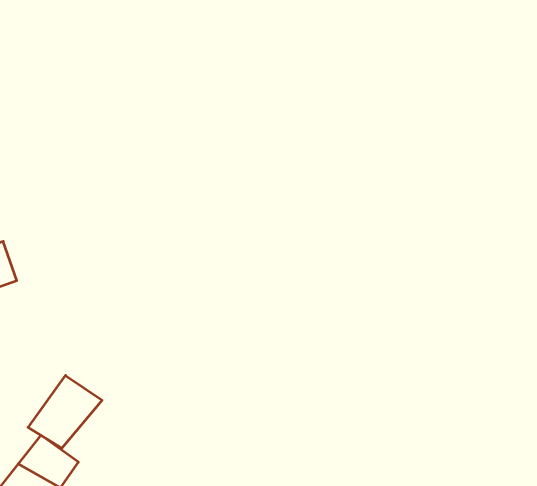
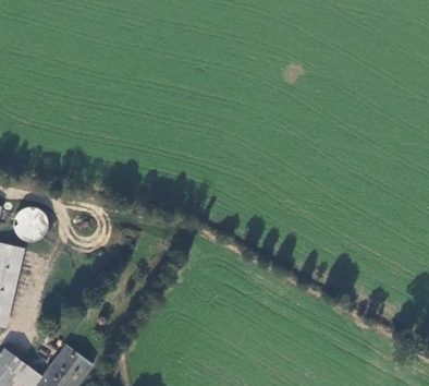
building: [28,375,102,448] -> none

